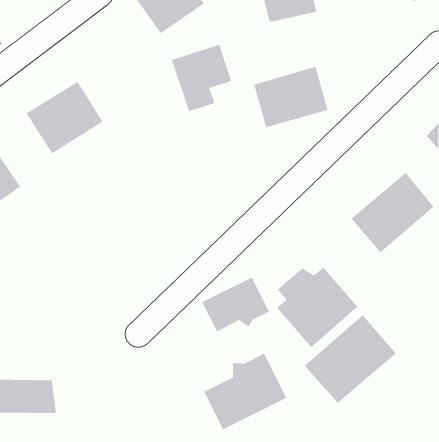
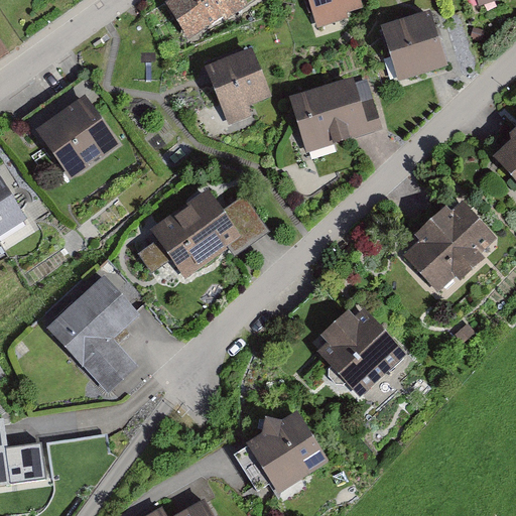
building: none -> [378,12,450,80]
building: none -> [137,190,265,272]
building: none -> [41,270,145,397]
building: [201,276,270,332] -> none
building: [304,314,397,404] -> none

